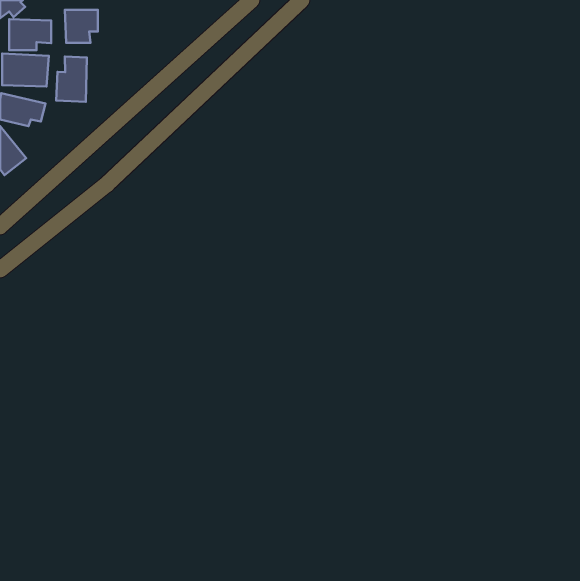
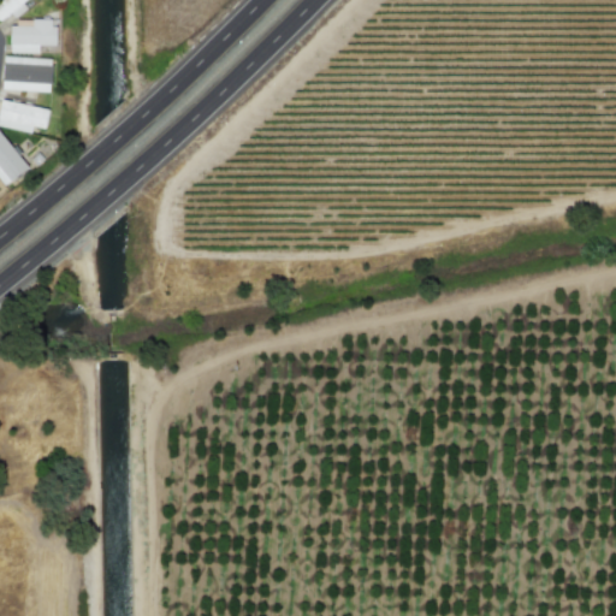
building: [65,10,98,43] -> none
building: [56,57,87,102] -> none

